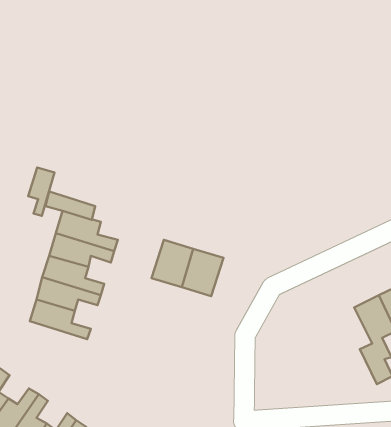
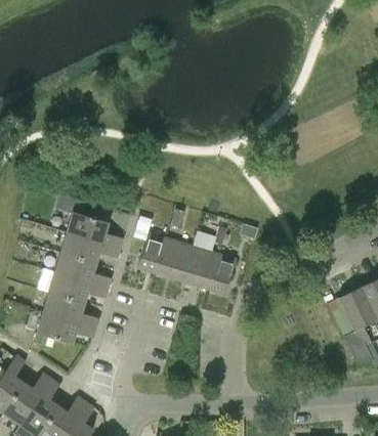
building: [28,167,55,216] -> none
building: none -> [137,233,165,273]
building: none -> [208,255,236,295]
building: none -> [37,312,95,344]

